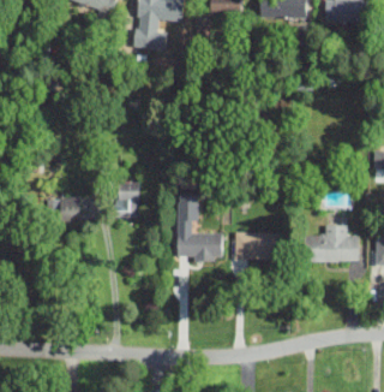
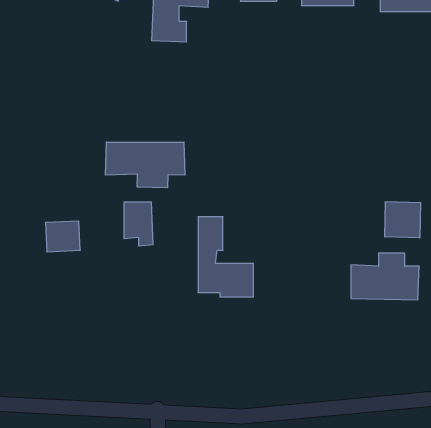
building: none -> [106,142,185,188]
building: none -> [385,202,421,238]
building: [234,232,282,260] -> none

